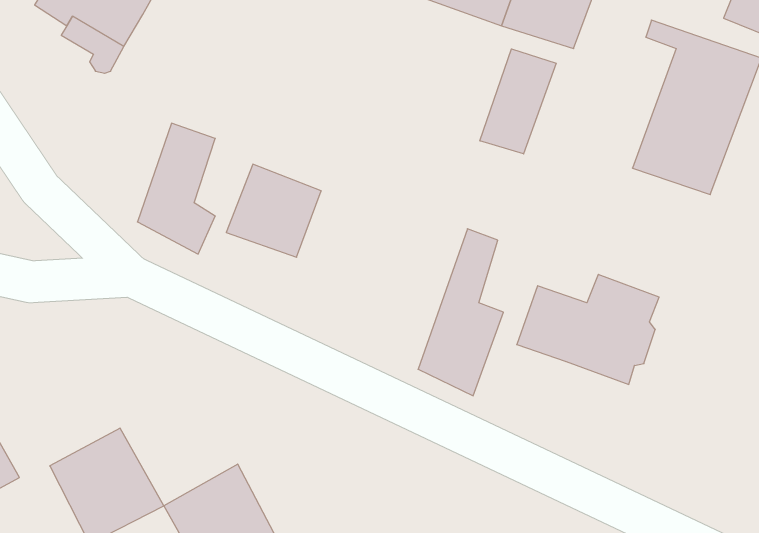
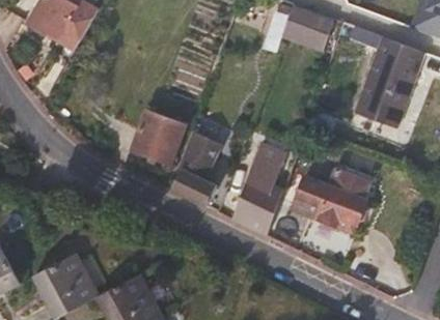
building: [480,49,556,154] -> none
building: [137,123,215,254] -> [173,135,216,206]

